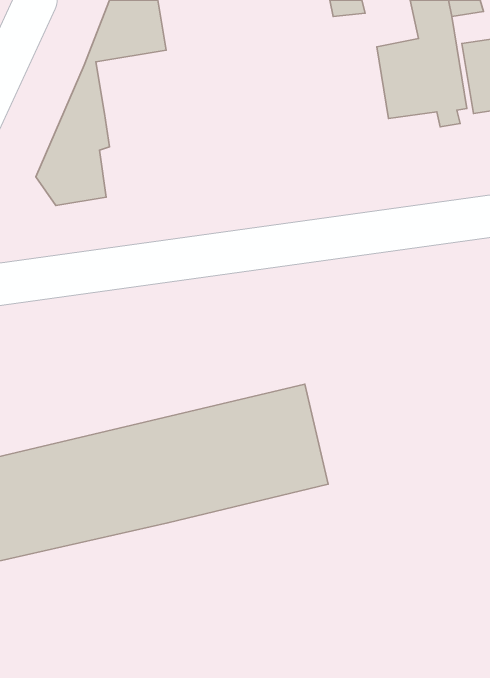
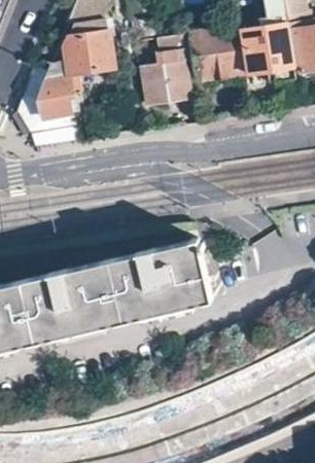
building: none -> [190,28,240,79]
building: none -> [68,34,115,73]
building: none -> [140,36,188,106]

